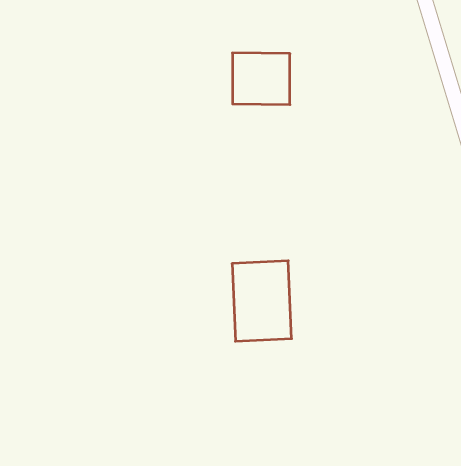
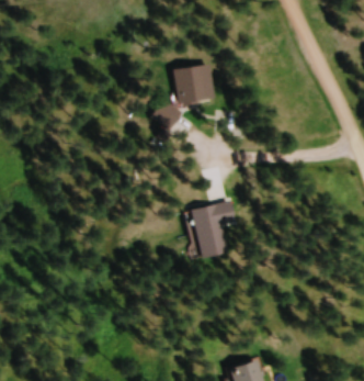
building: none -> [151,98,183,130]

